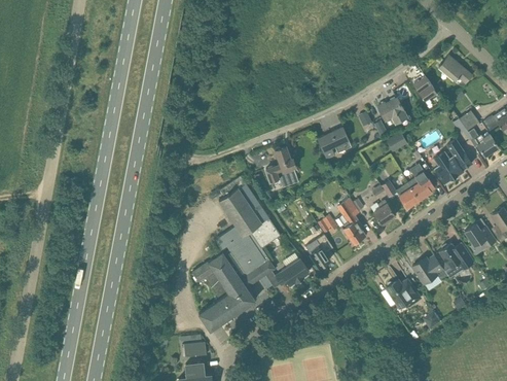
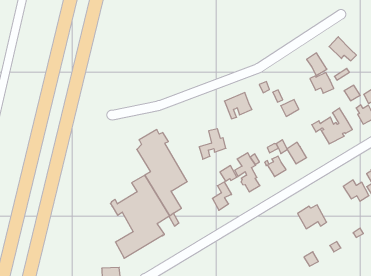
building: [377,98,406,123] -> [310,73,334,93]
building: [264,146,296,183] -> [199,129,226,159]
building: [407,163,433,200] -> none
building: [433,242,473,278] -> none
building: [275,258,307,285] -> none
building: [385,278,420,308] -> none

